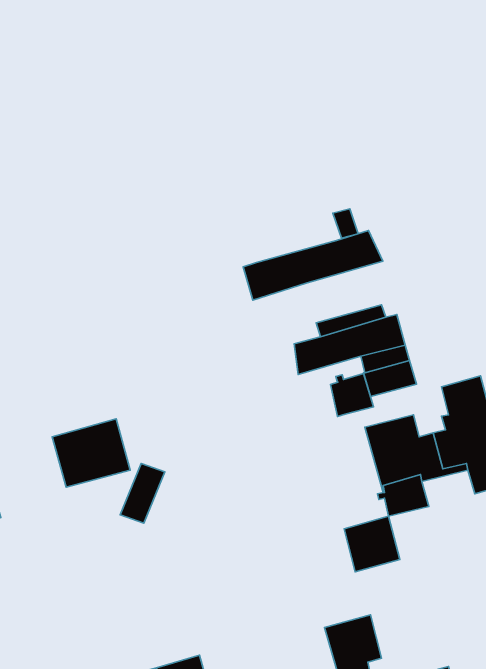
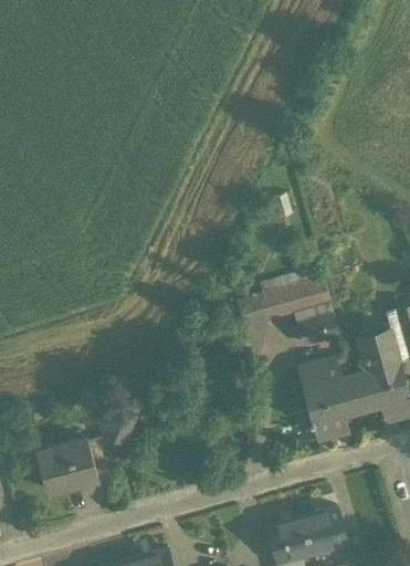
building: [243,231,383,300] -> none
building: [330,373,374,417] -> none
building: [52,419,130,487] -> [35,440,97,494]
building: [344,516,400,572] -> [302,510,346,554]

